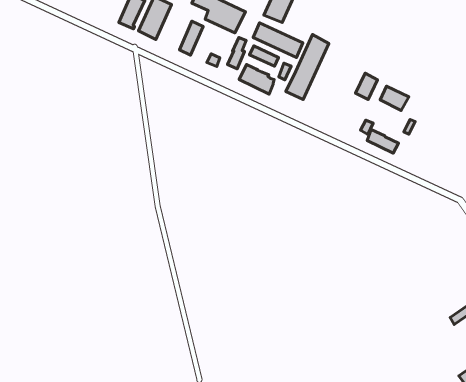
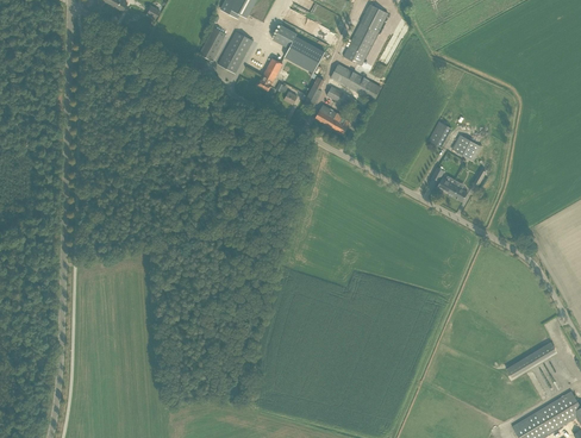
building: [286,35,329,99] -> none

